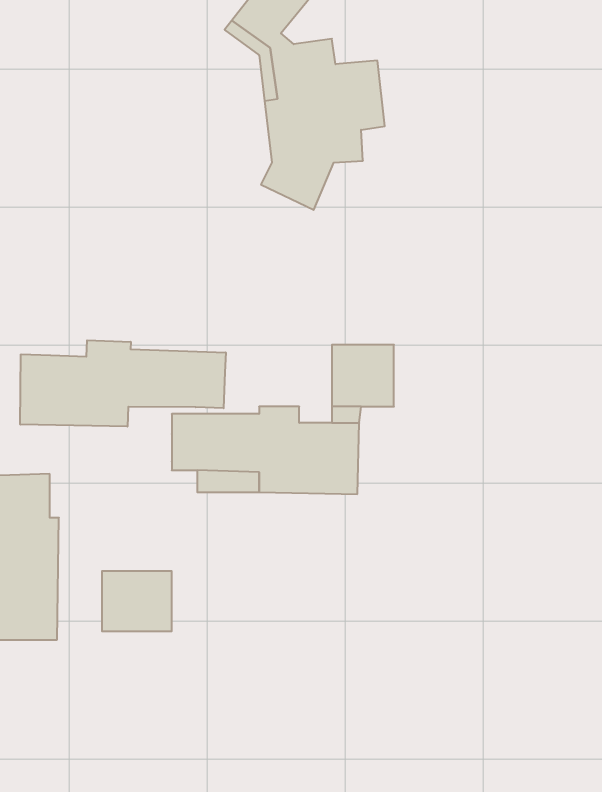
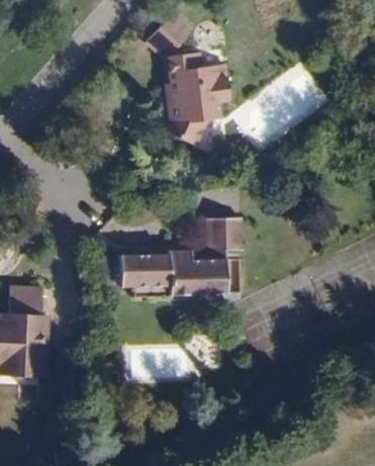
building: [20,340,226,427] -> none
building: [102,571,172,631] -> none

